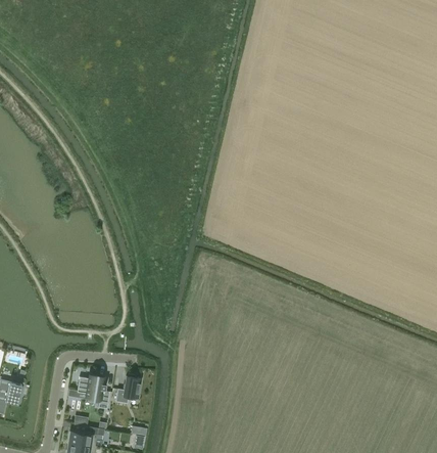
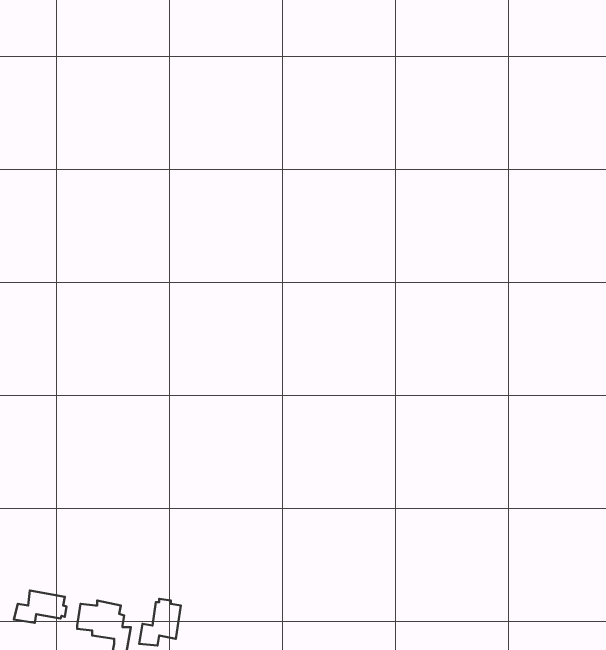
building: none -> [14,591,67,623]

